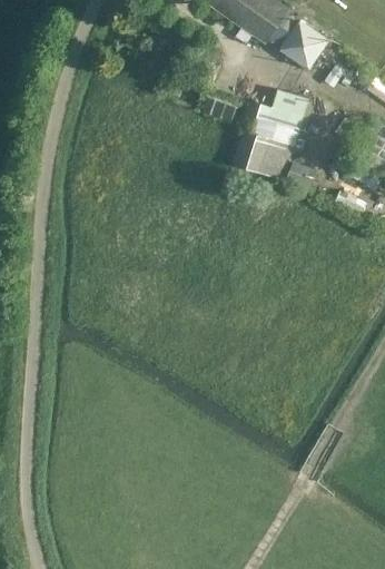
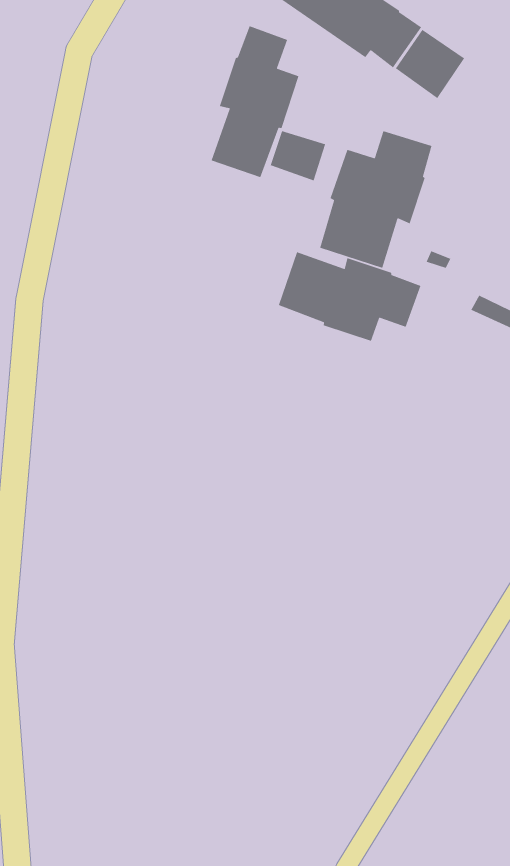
building: none -> [211,25,299,178]
building: none -> [278,251,421,342]

